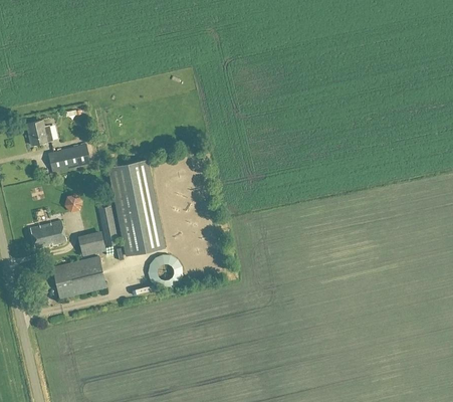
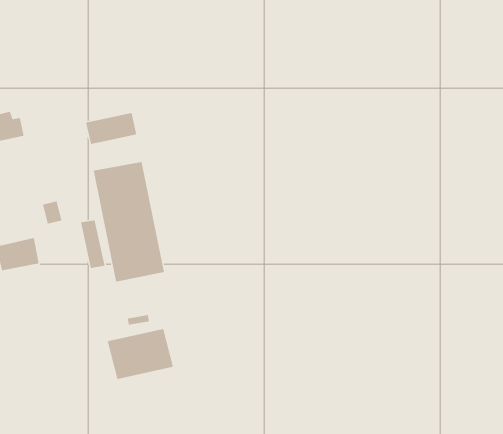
building: [48,145,89,171] -> [85,112,137,145]
building: [77,230,105,256] -> none
building: [52,257,105,298] -> [107,328,174,380]

